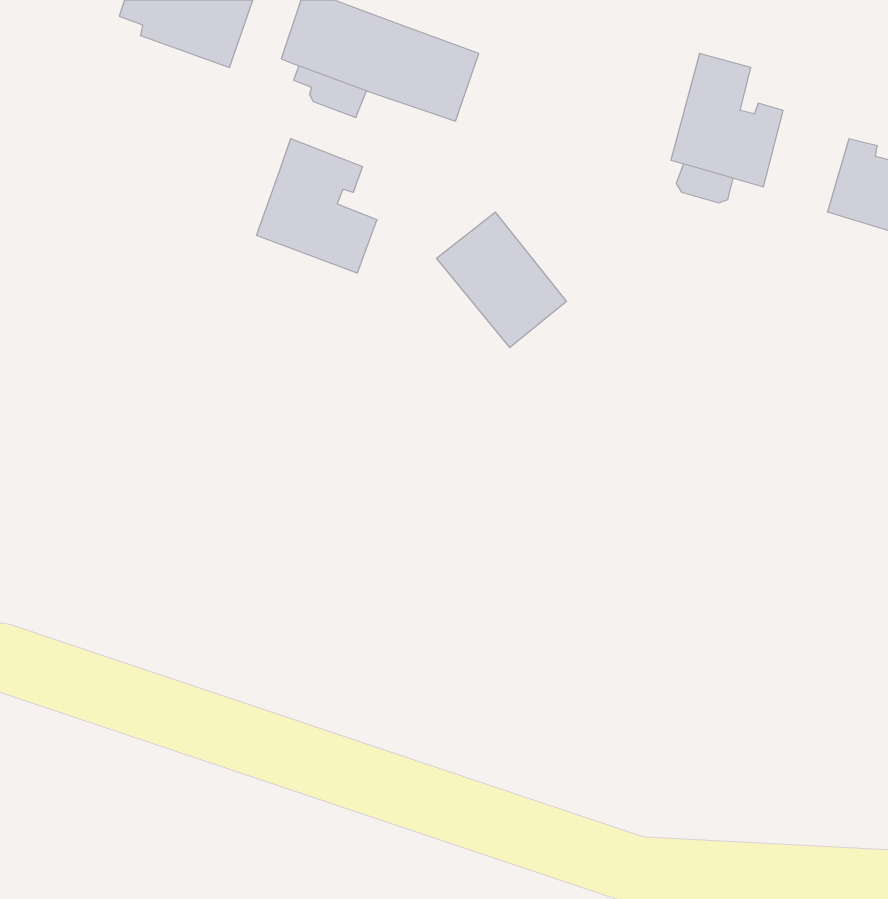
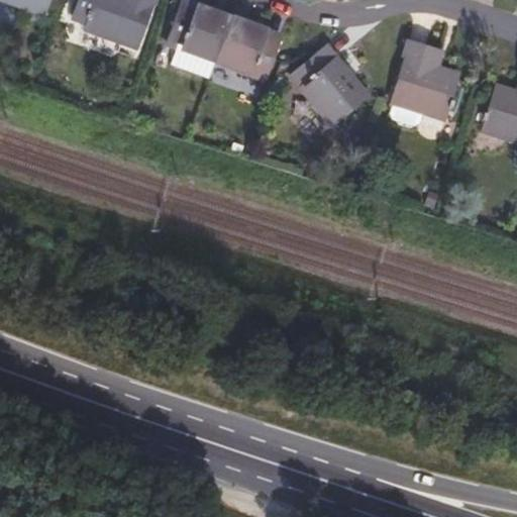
building: [257,139,377,273] -> none
building: [437,212,567,348] -> [296,44,370,121]

